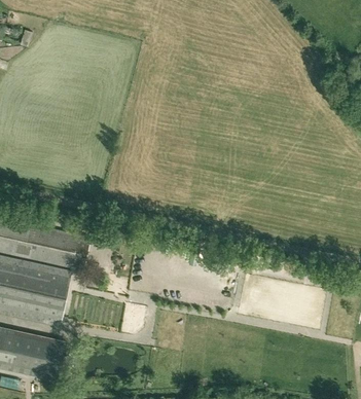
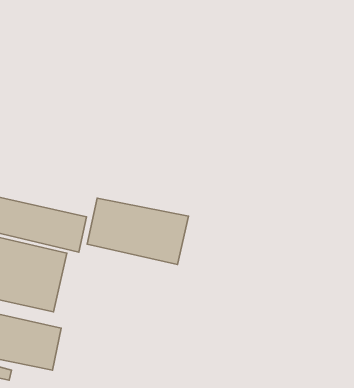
building: none -> [87,198,189,264]

